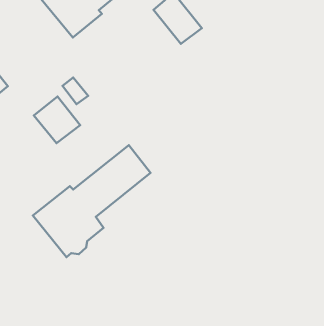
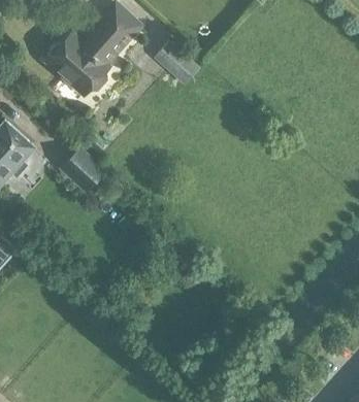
building: [33,145,151,257] -> none

